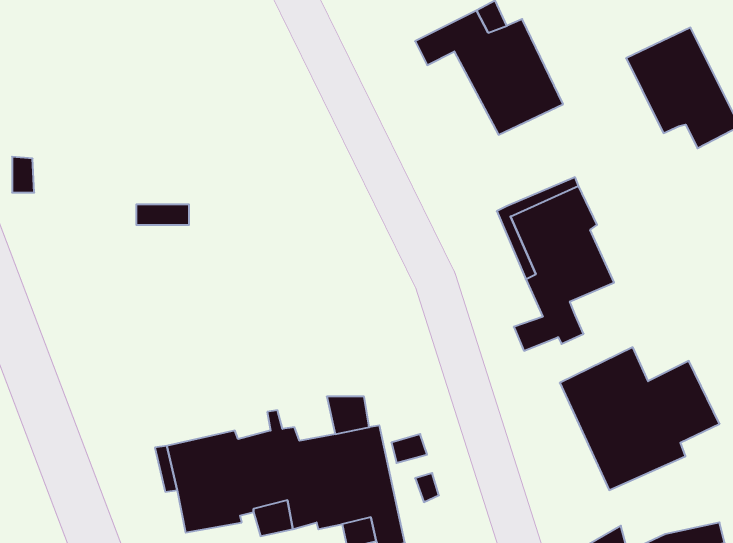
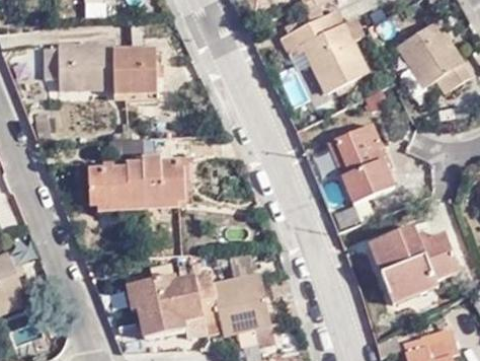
building: none -> [37,44,149,96]
building: none -> [87,156,187,202]

